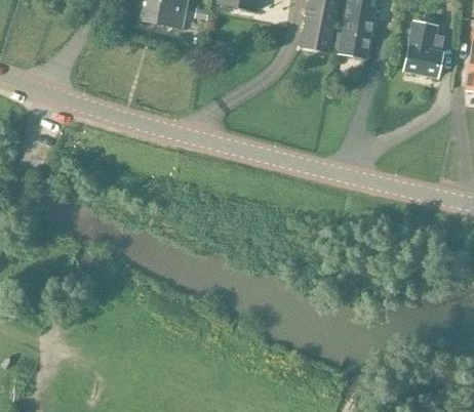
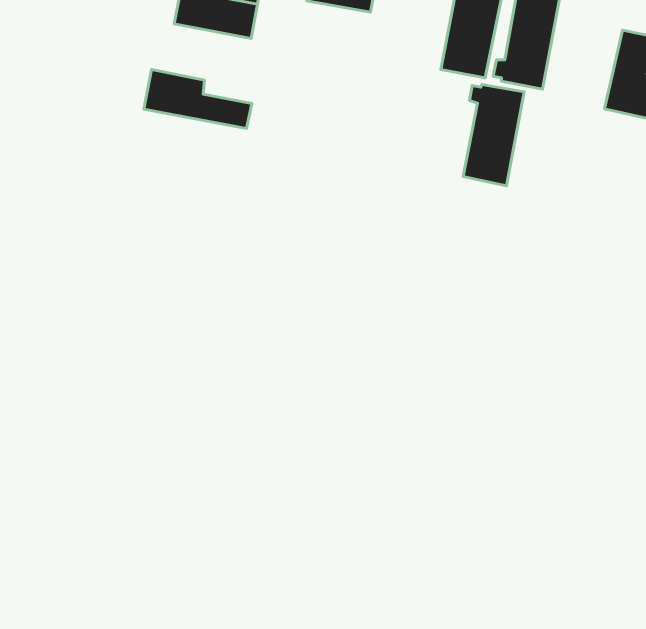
building: none -> [144,69,252,128]
building: none -> [463,84,524,186]

